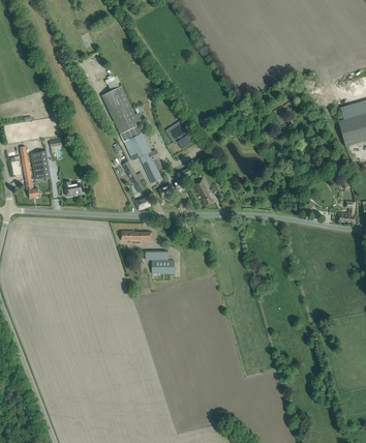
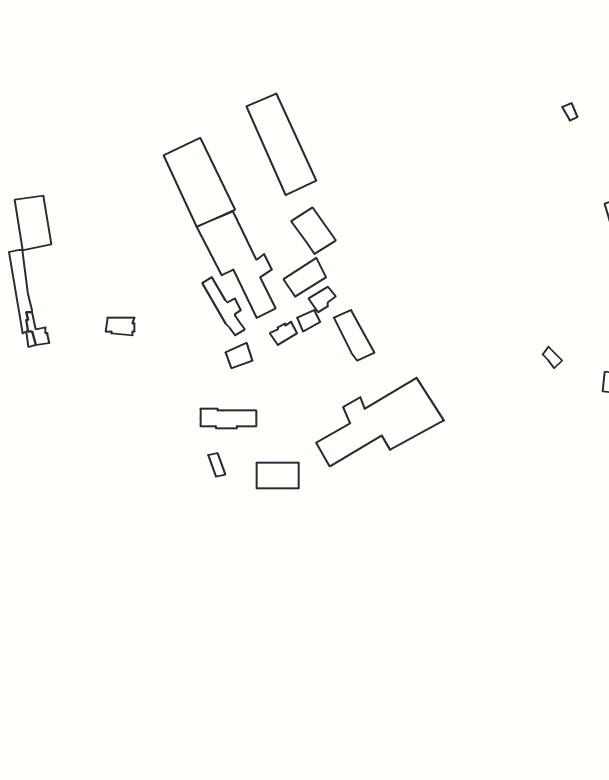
building: none -> [247,93,316,195]
building: [30,150,50,179] -> [15,196,51,250]
building: none -> [316,378,444,466]

